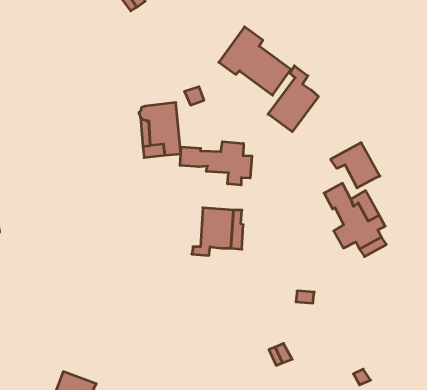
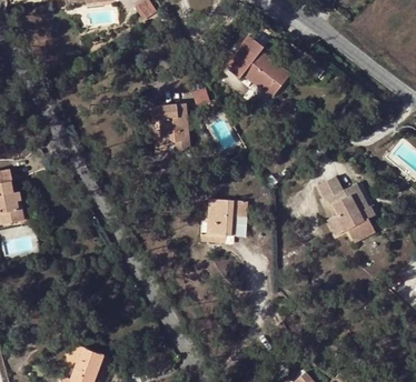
building: [268,66,318,132] -> none
building: [180,142,252,185] -> none
building: [331,143,380,188] -> none

